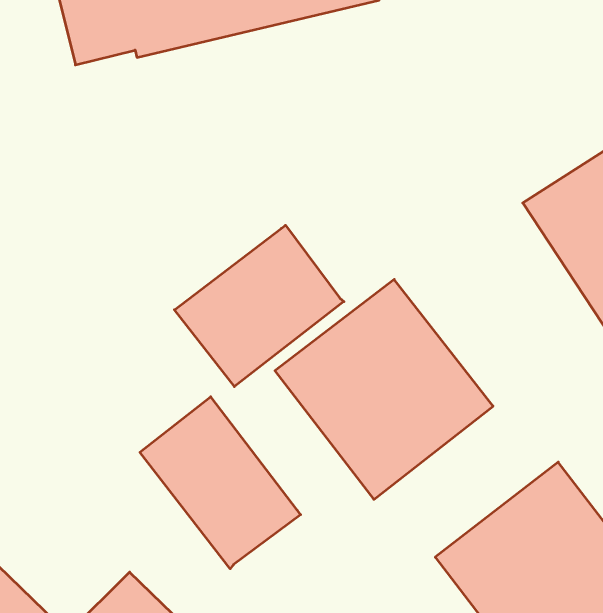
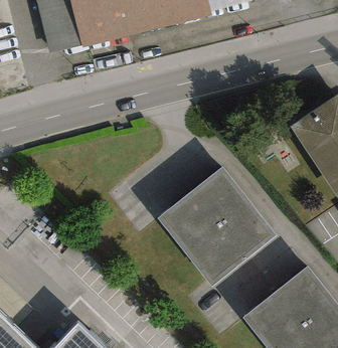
building: [174,225,344,387] -> none
building: [140,397,301,569] -> none

